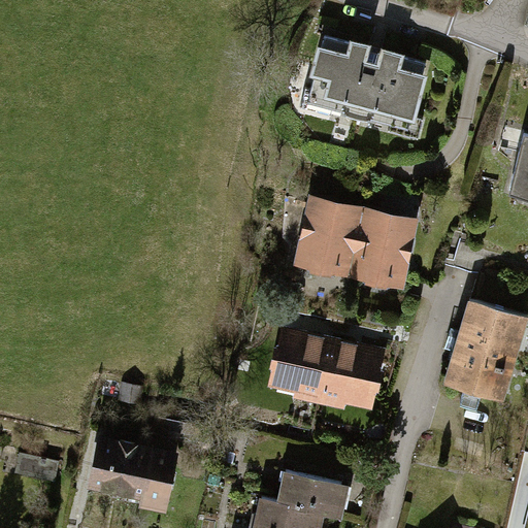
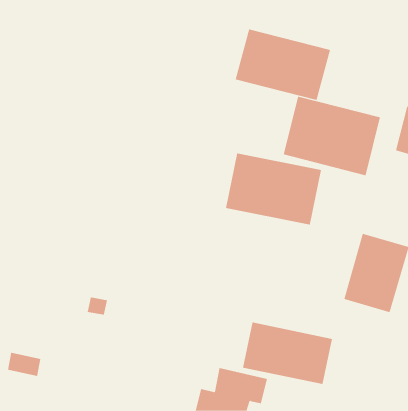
building: none -> [283,96,380,176]
building: [270,327,387,407] -> [242,322,333,385]
building: [82,433,176,513] -> none

